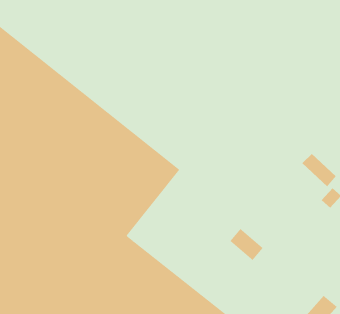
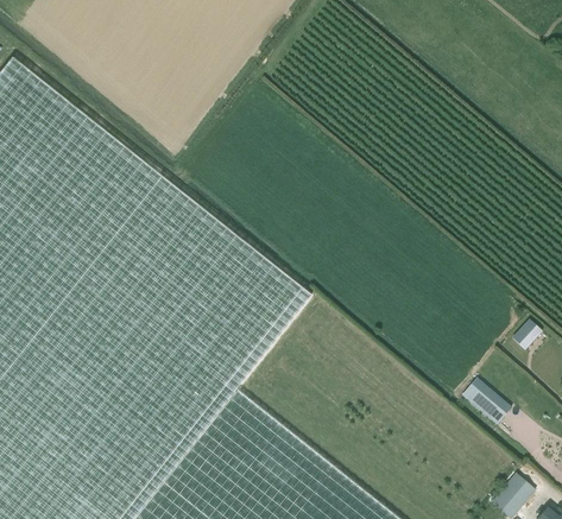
building: [301,153,336,187] -> none
building: [229,228,264,261] -> [462,379,511,425]

